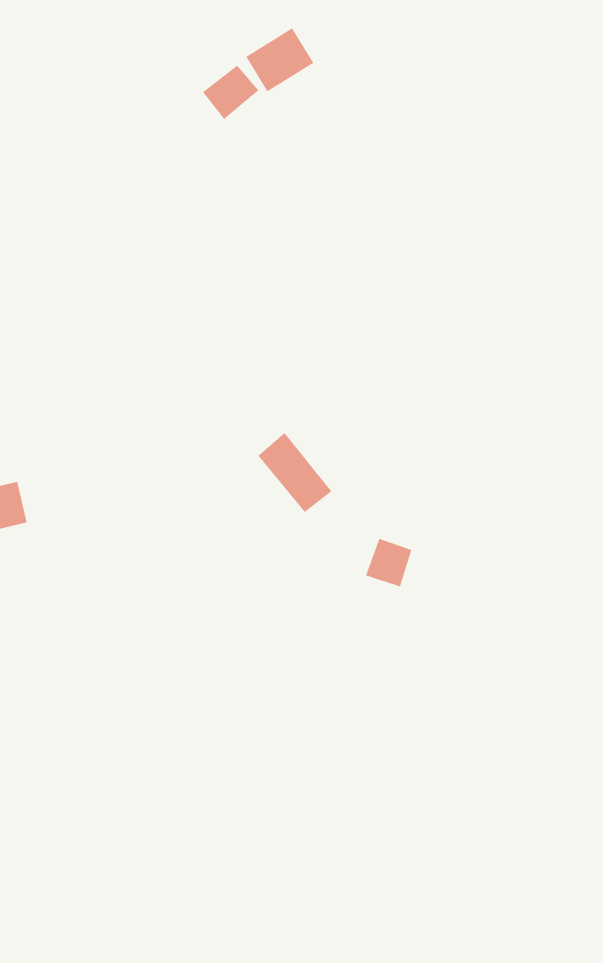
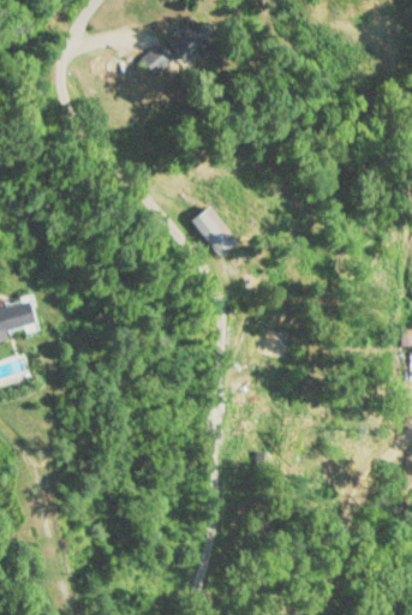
building: [258,432,332,513] -> [190,205,235,255]

